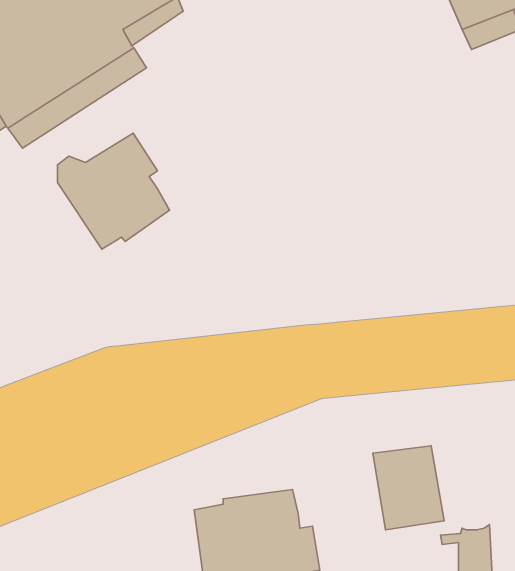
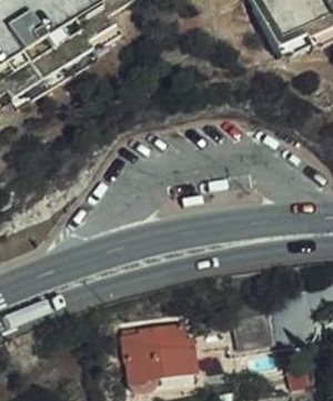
building: [57,133,170,249] -> none

